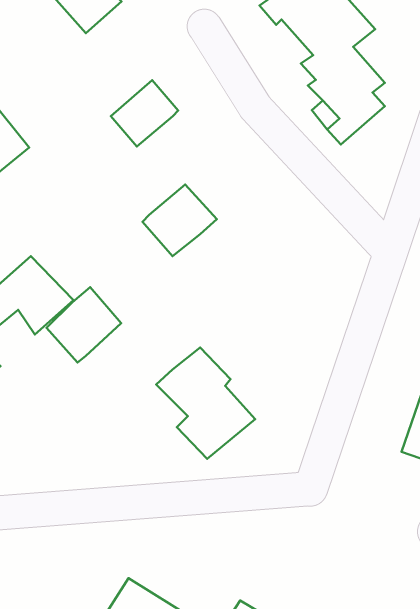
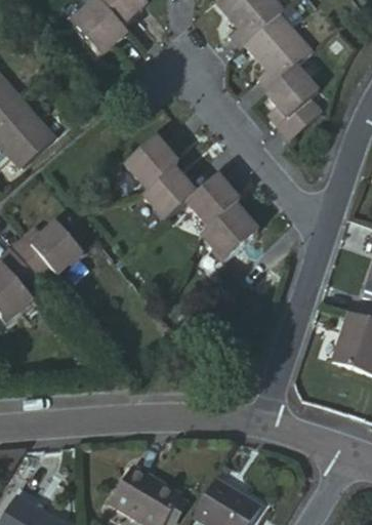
building: [111,80,178,146] -> [125,138,175,188]
building: [46,287,121,363] -> none
building: [156,347,255,459] -> [182,174,256,257]

